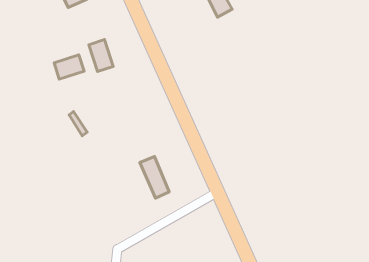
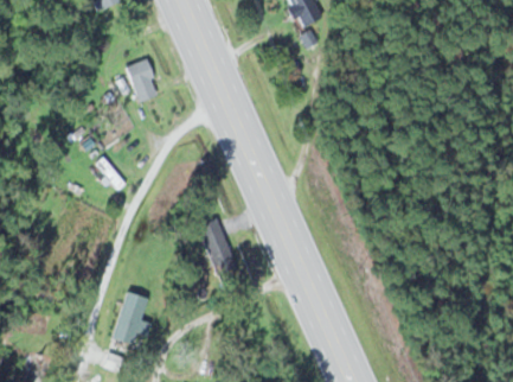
building: [54,55,84,79] -> none
building: none -> [111,291,148,346]

